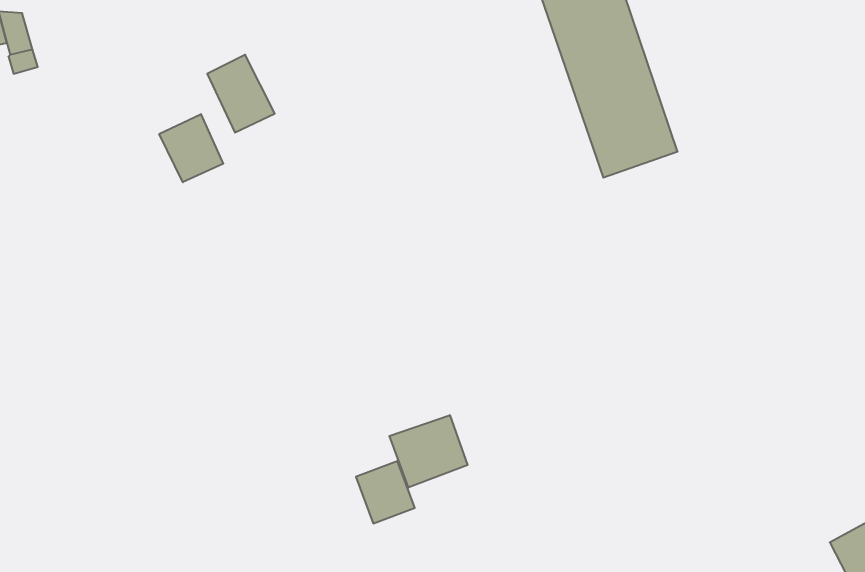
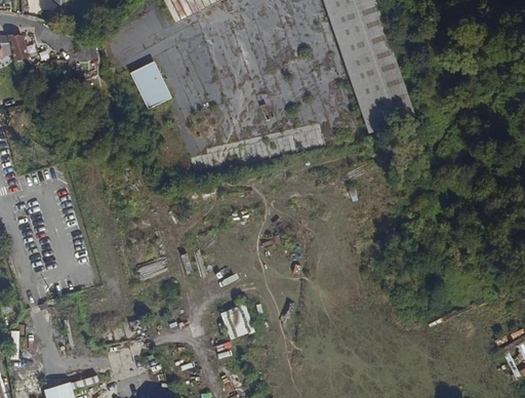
building: [159,114,223,182] -> none
building: [389,415,468,488] -> none

